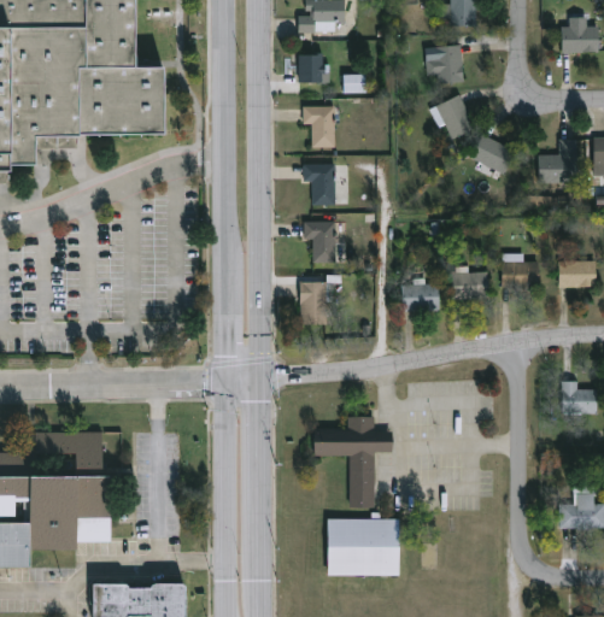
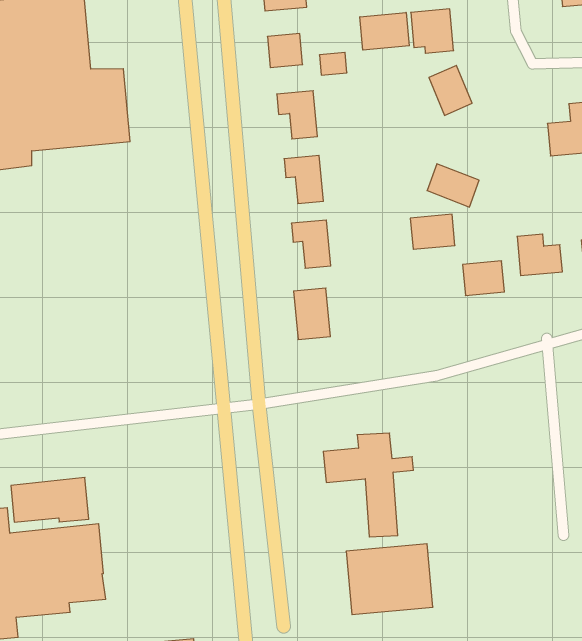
building: none -> [360,12,409,50]
building: [470,134,517,175] -> [427,164,479,207]
building: [403,283,440,311] -> [410,214,455,249]

